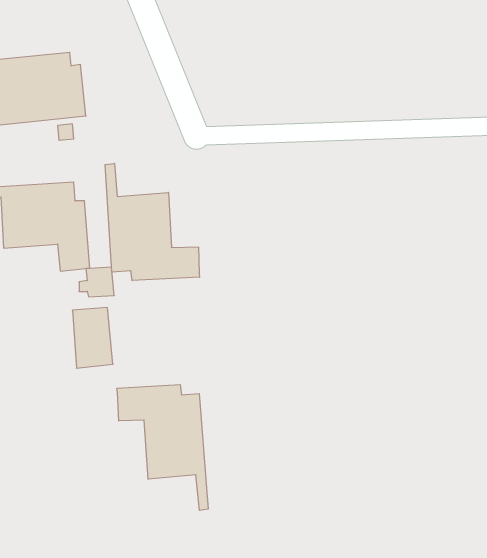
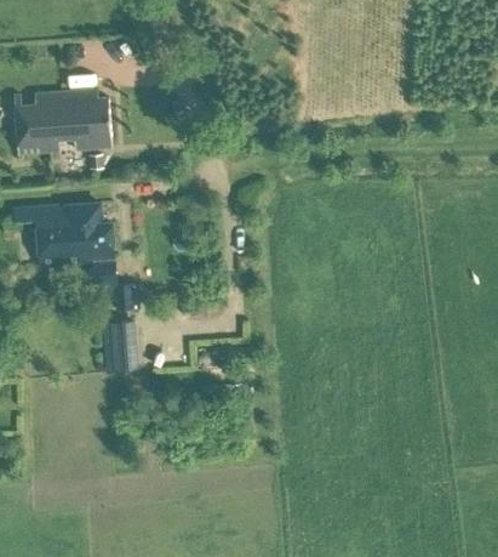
building: [105,163,200,281] -> none
building: [117,385,208,510] -> none

